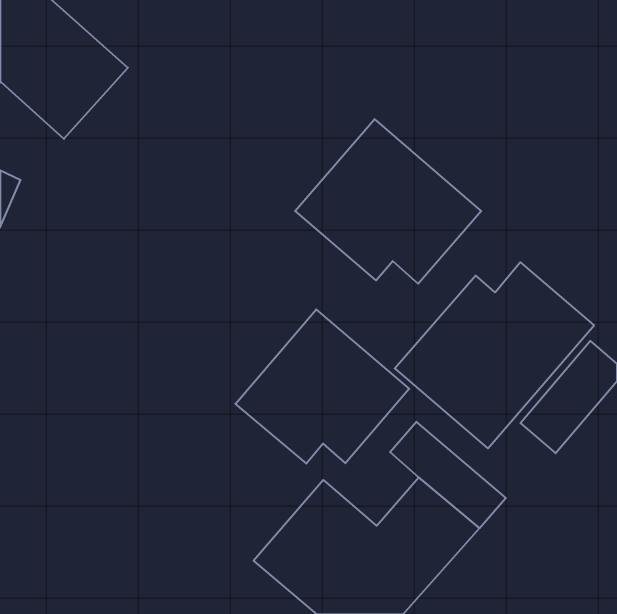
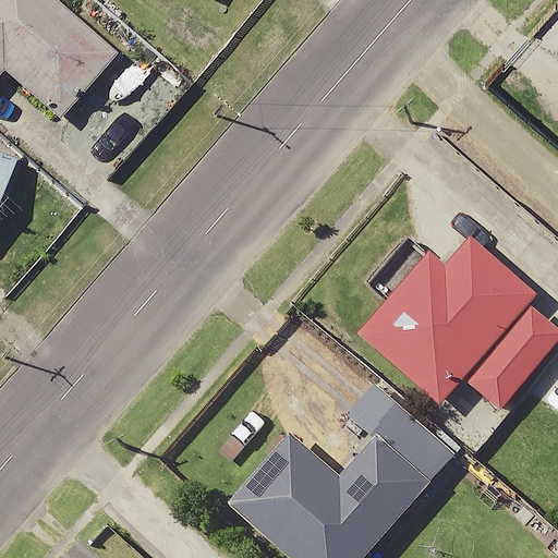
building: [295,119,481,284] -> none
building: [235,309,409,464] -> none

